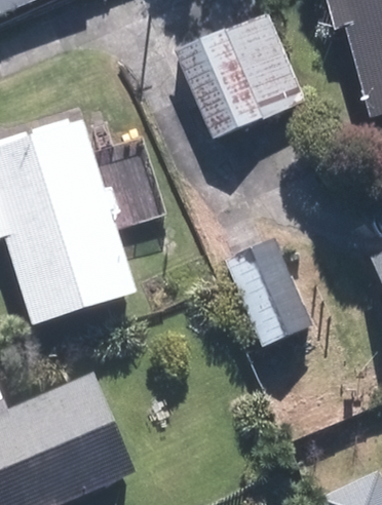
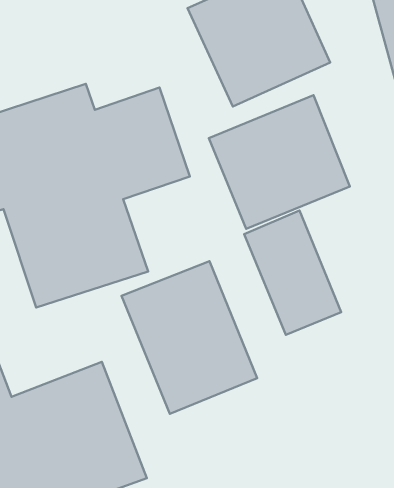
building: none -> [209,95,350,229]
building: none -> [121,261,257,414]

